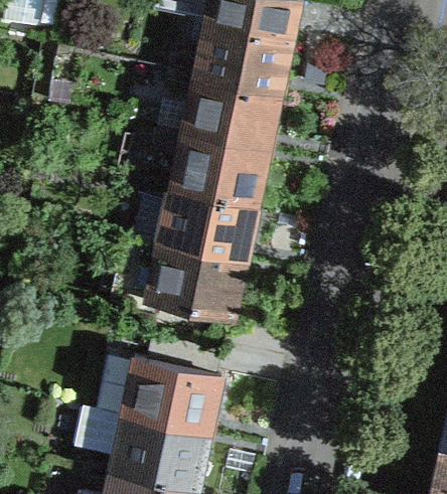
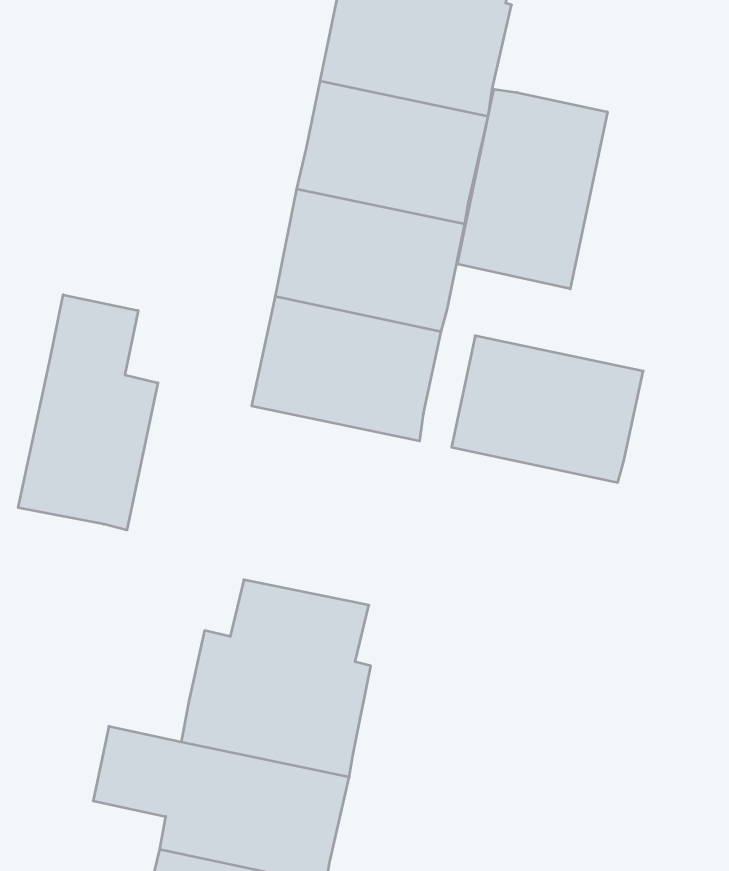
building: none -> [458,89,607,289]
building: none -> [18,295,158,530]
building: [147,244,246,320] -> [452,336,643,482]

